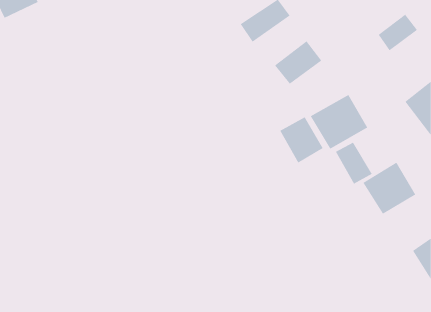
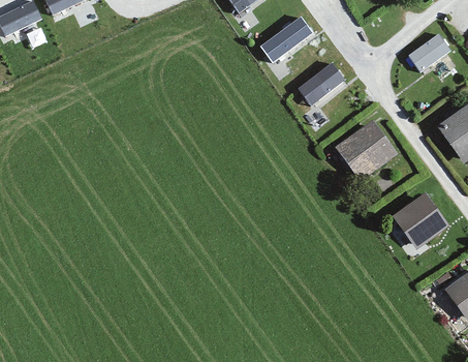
building: [279,117,323,163] -> none
building: [335,142,372,185] -> none

